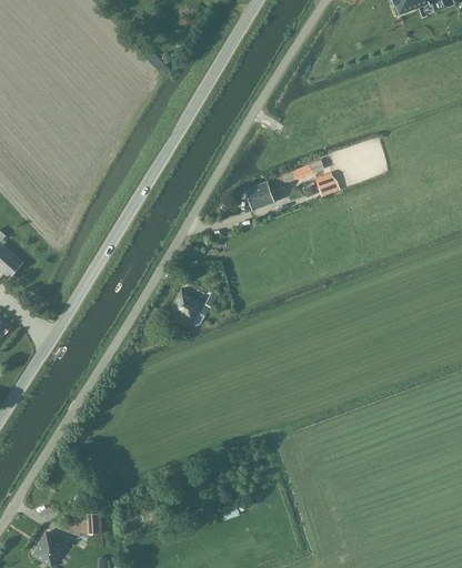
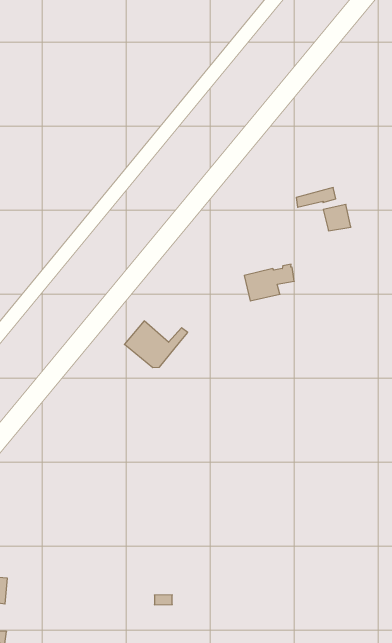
building: [243,175,284,210] -> [244,264,294,301]

